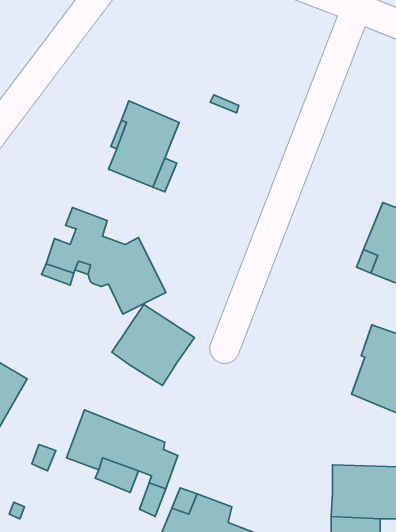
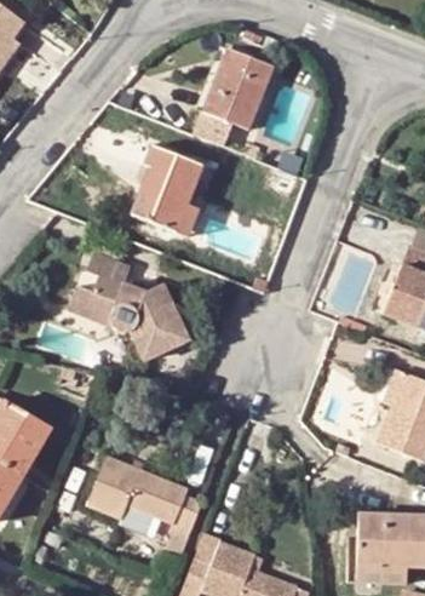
building: none -> [203,50,275,130]
building: [112,304,194,385] -> none

